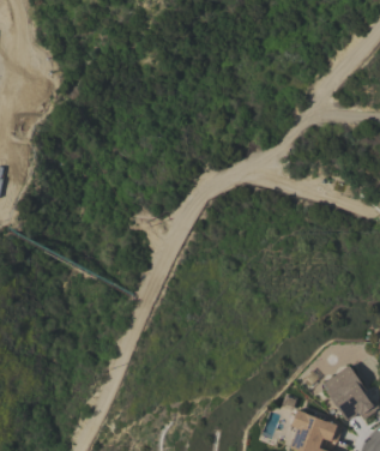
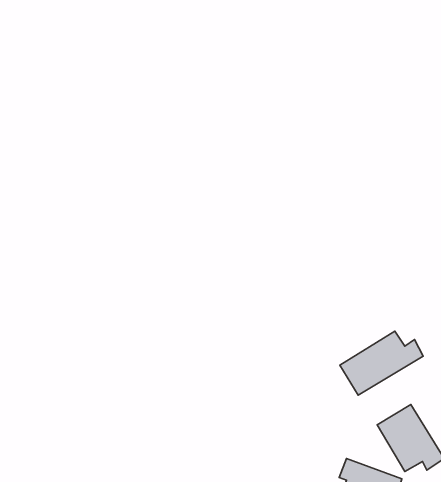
building: none -> [340,331,423,395]

